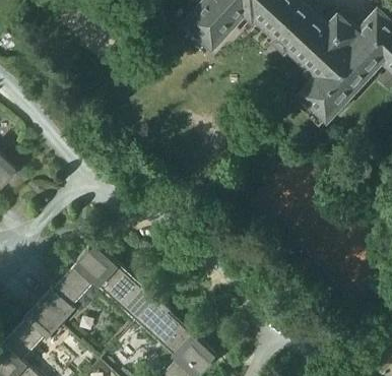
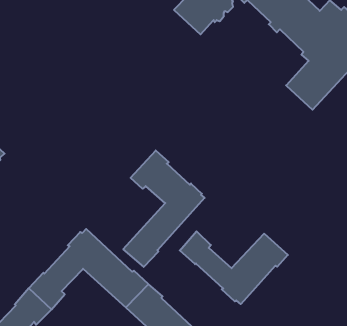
building: none -> [123,150,205,267]
building: none -> [180,231,288,304]

